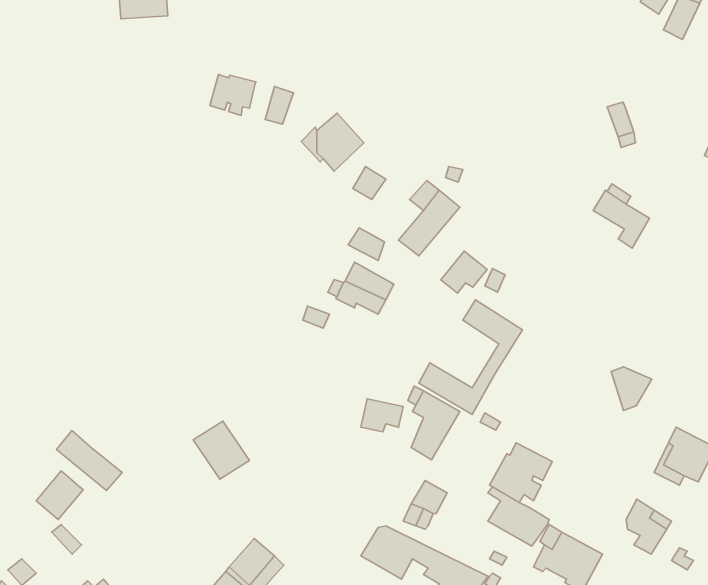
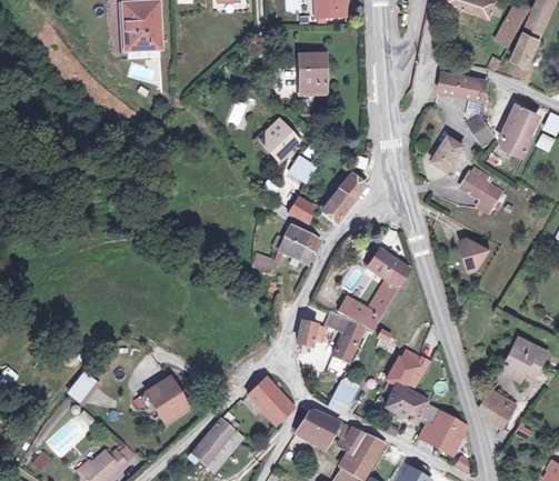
building: none -> [298,56,327,89]
building: none -> [437,70,487,98]
building: [210,75,256,116] -> none
building: none -> [499,106,536,157]
building: none -> [431,136,463,171]
building: [441,251,487,293] -> none
building: [611,367,652,411] -> [458,236,487,267]
building: [193,421,250,479] -> [144,381,184,422]
building: [57,430,122,490] -> none
building: none -> [250,377,291,420]

